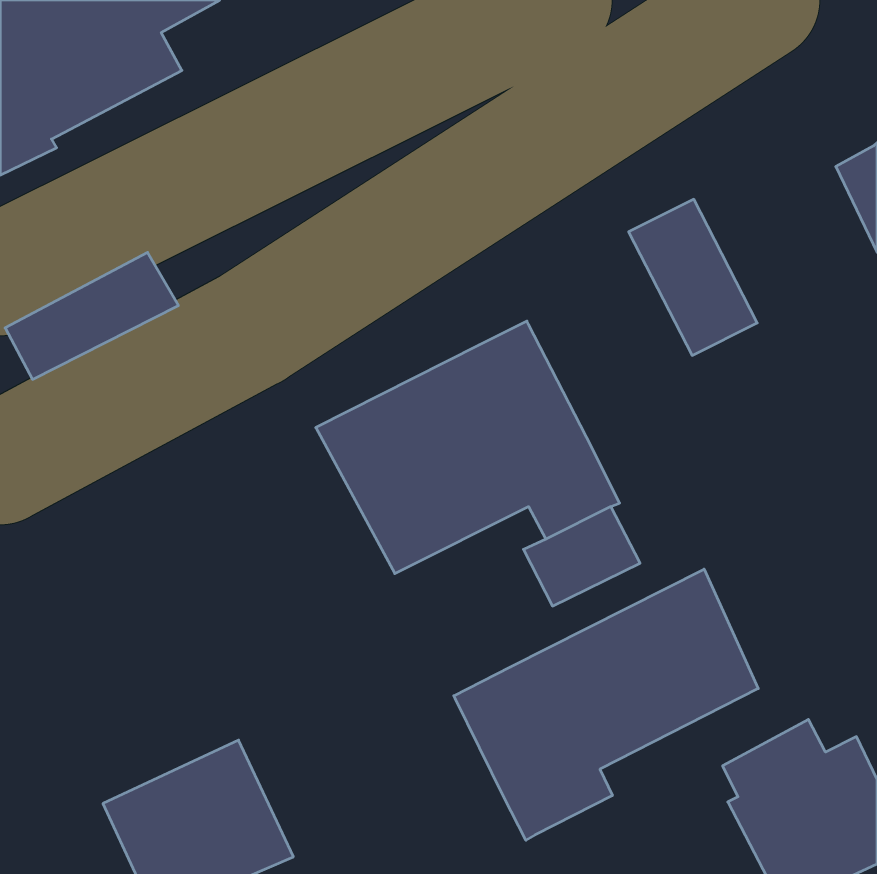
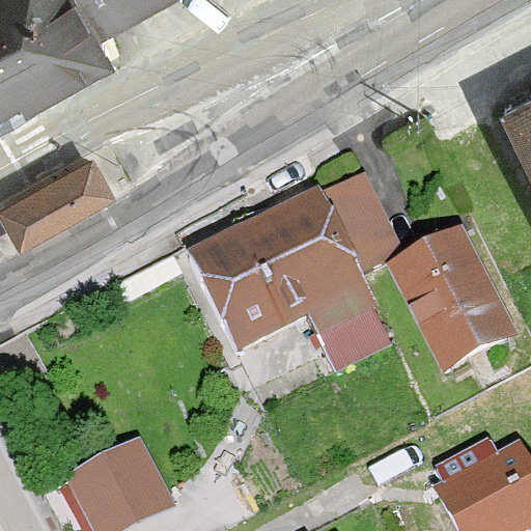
building: [629,199,757,355] -> [319,178,397,273]
building: none -> [395,235,506,364]
building: [454,569,758,840] -> none

